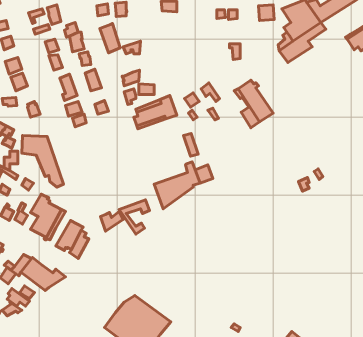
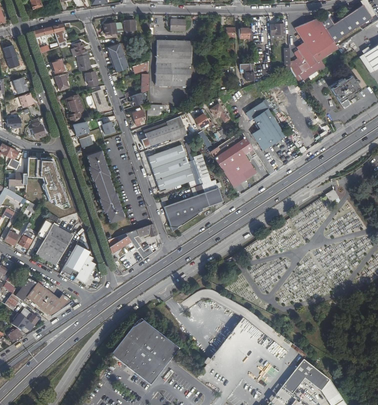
building: none -> [155,39,192,85]
building: none -> [329,75,360,108]
building: none -> [210,136,254,186]
building: none -> [147,145,193,191]
building: none -> [87,150,125,222]

